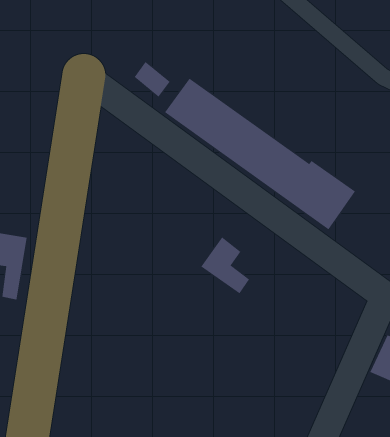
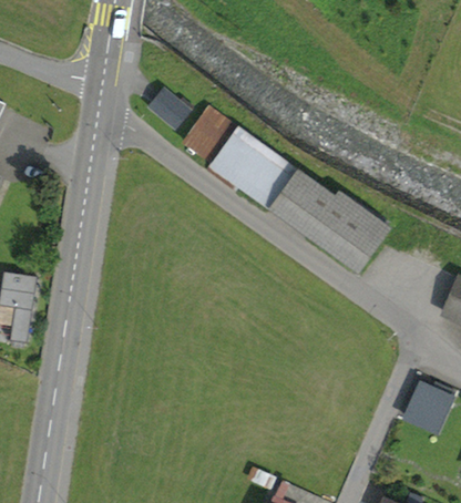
building: [201,236,250,294] -> none

